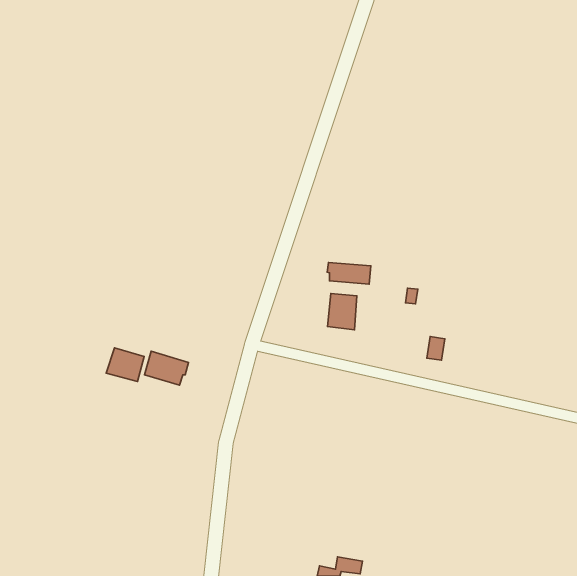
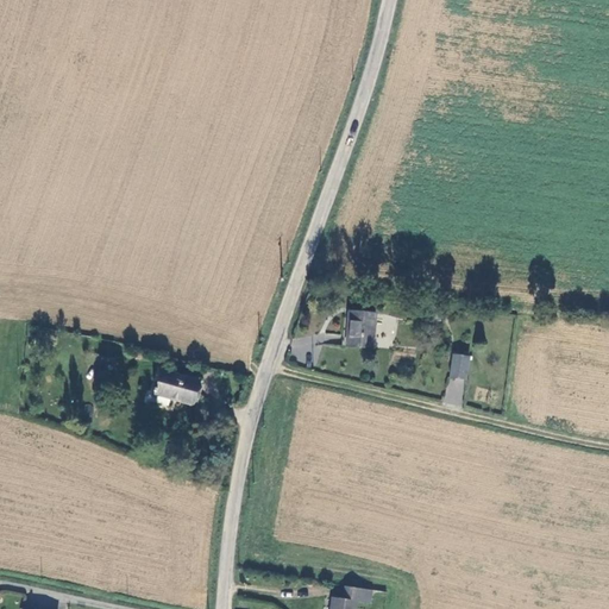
building: [327,263,371,284] -> none
building: [106,348,144,382] -> none

